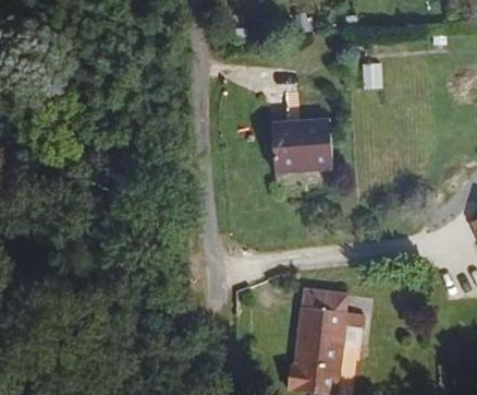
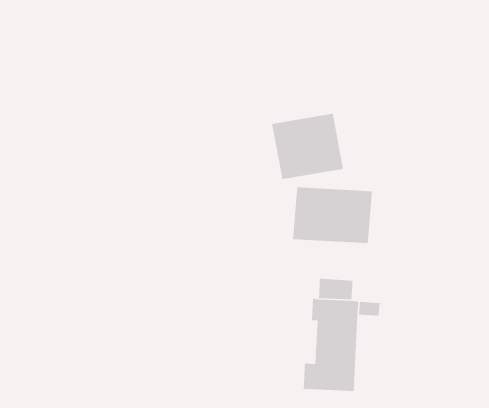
building: none -> [292,186,373,244]

